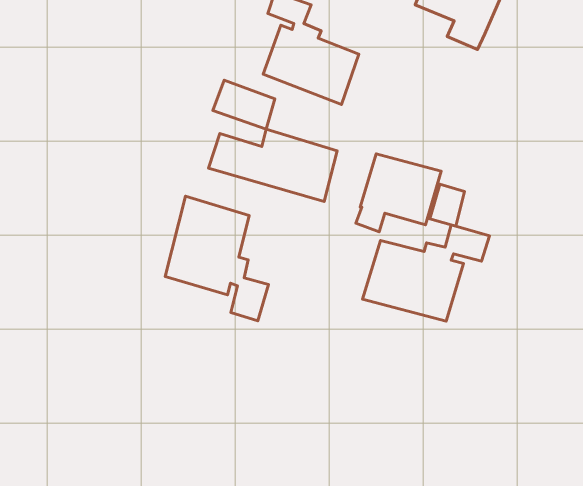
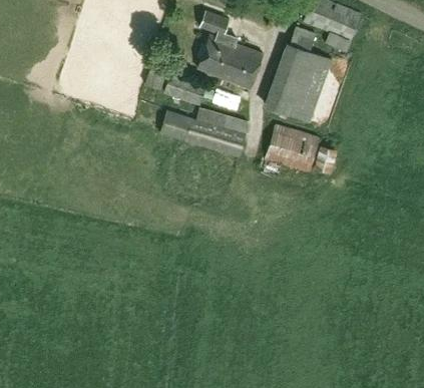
building: none -> [267,27,332,122]
building: [165,196,268,321] -> none
building: [363,225,489,321] -> none

